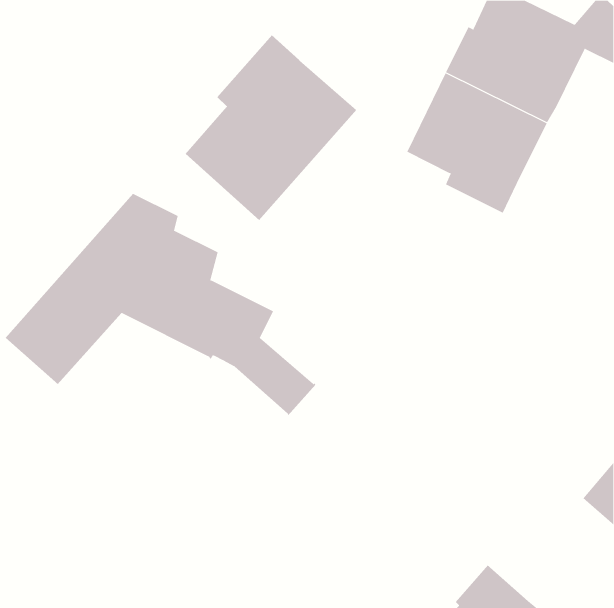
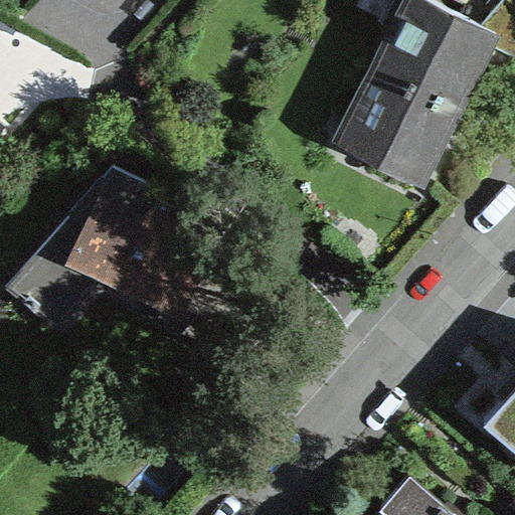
building: [185,34,357,221] -> none

